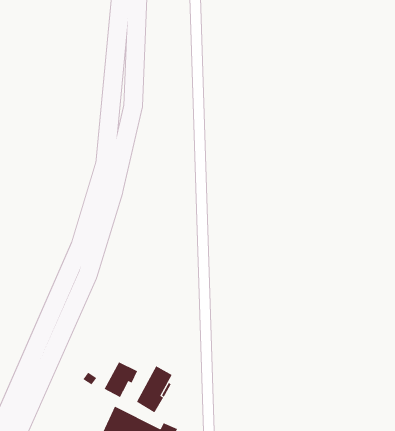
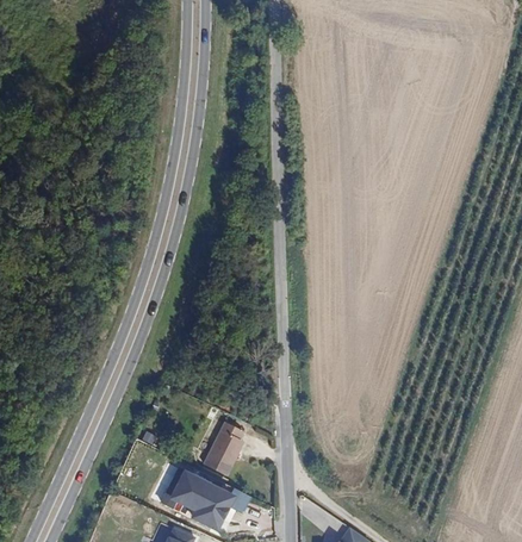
building: [104,362,138,398] -> none

